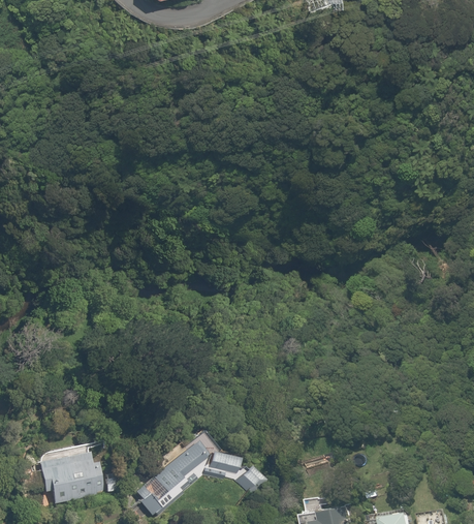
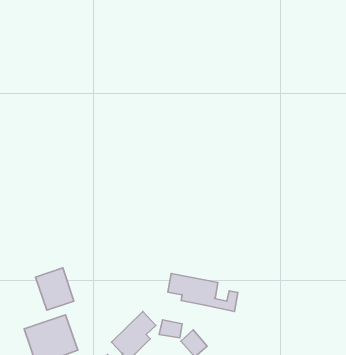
building: none -> [35,268,74,310]
building: none -> [168,273,238,311]

